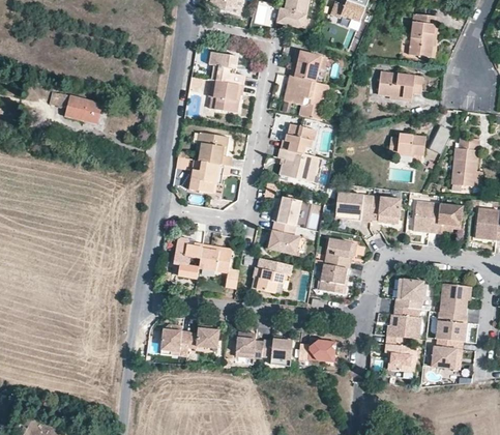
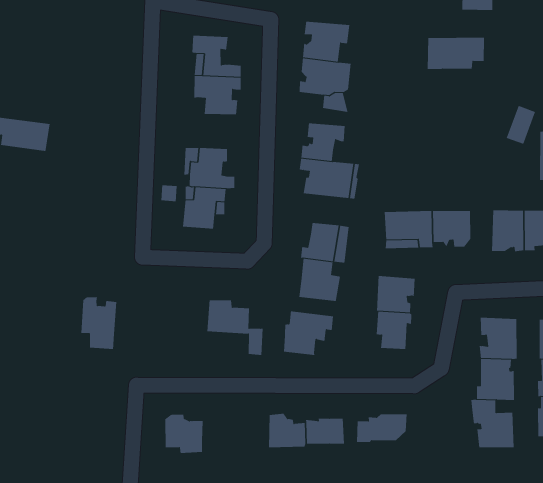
building: [389,133,427,155] -> none
building: [174,237,203,278] -> [80,297,117,350]
building: [187,326,218,346] -> none

